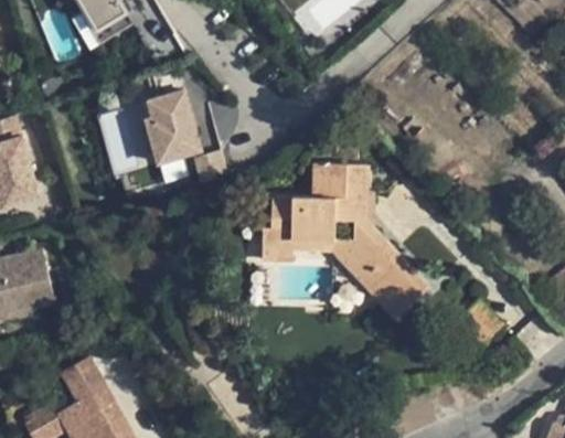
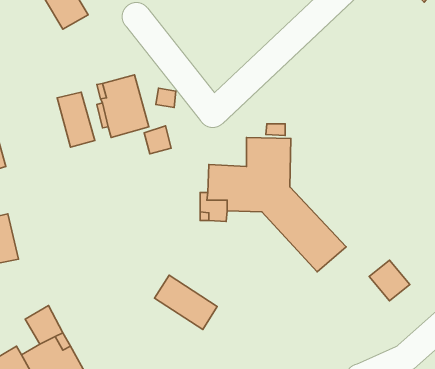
building: none -> [155,275,217,329]

